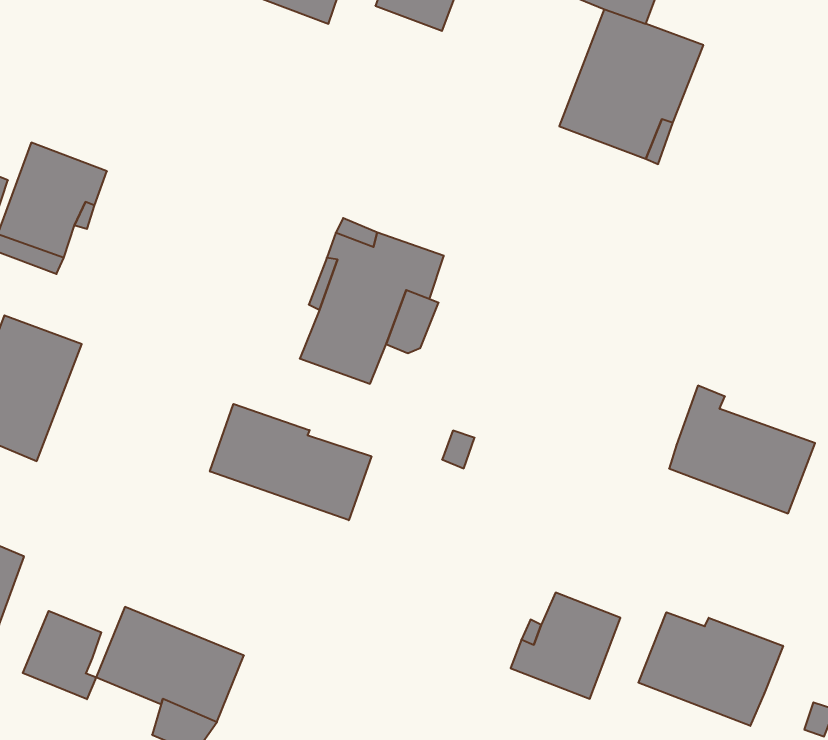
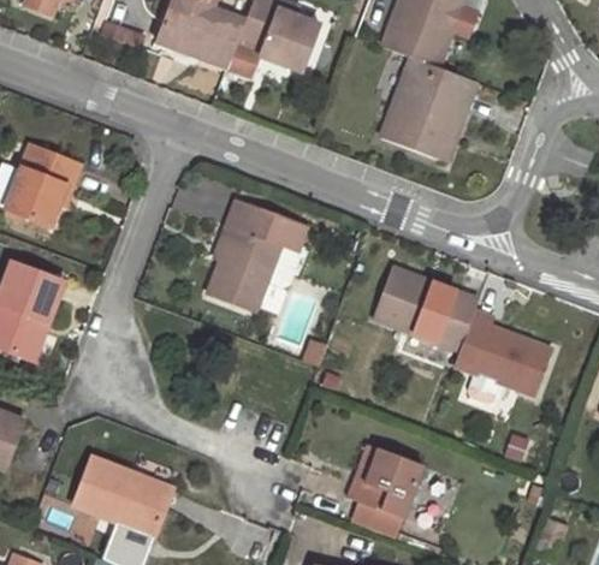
building: none -> [372,268,478,349]
building: [210,404,371,520] -> none
building: [23,611,101,699] -> none
building: [638,612,783,726] -> none

